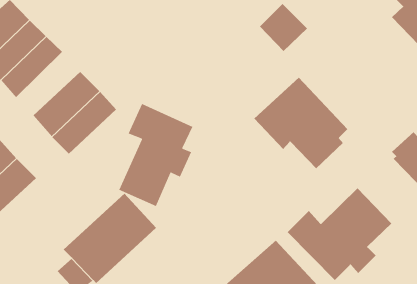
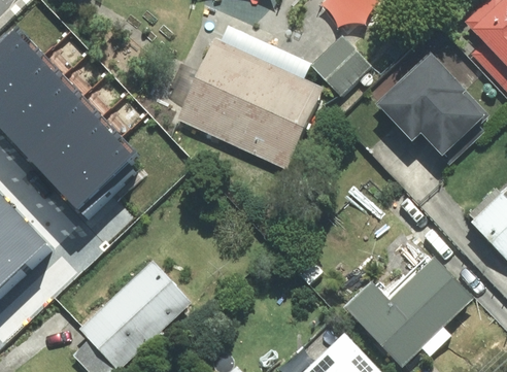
building: none -> [178,40,320,167]
building: none -> [25,95,101,170]
building: [254,77,348,169] -> [377,54,489,163]
building: [119,103,193,207] -> none

